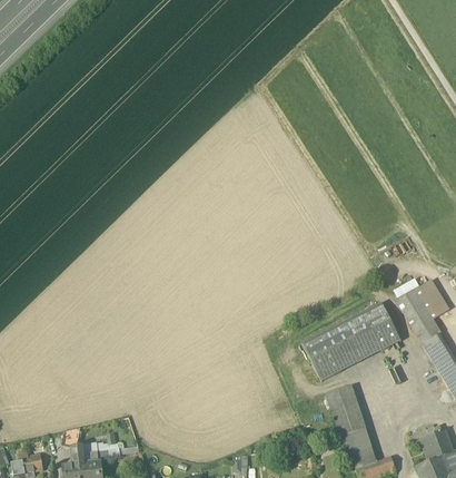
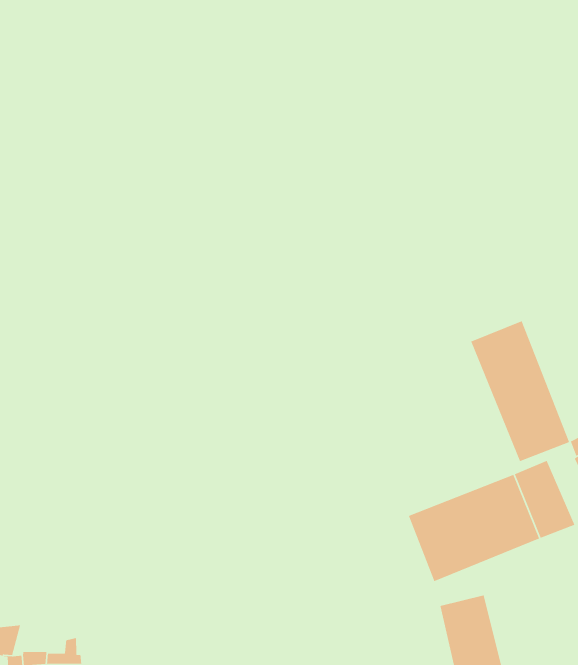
building: none -> [470,320,570,462]

